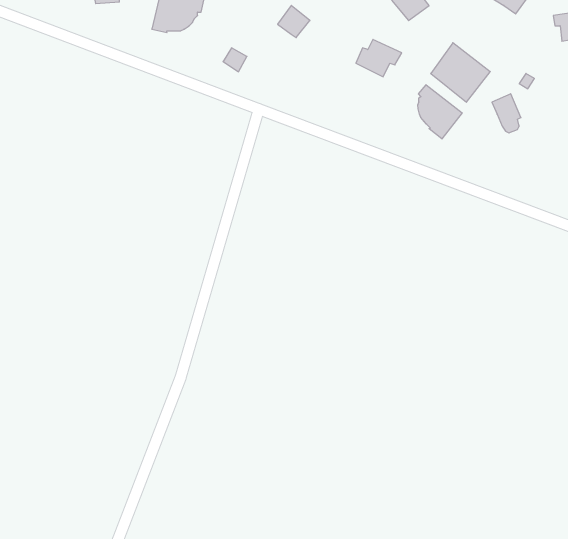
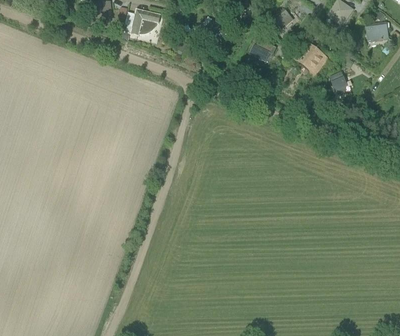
building: [418,85,462,139] -> none

